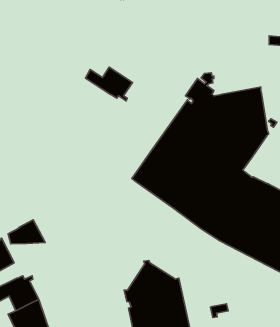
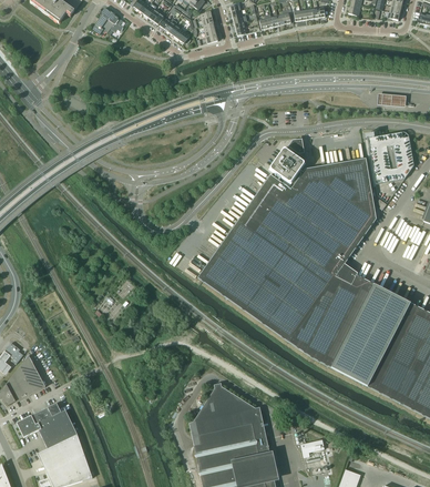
building: [85,67,133,101] -> none
building: [8,220,45,244] -> none

